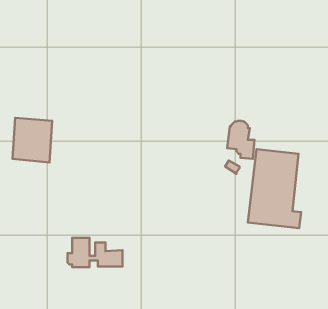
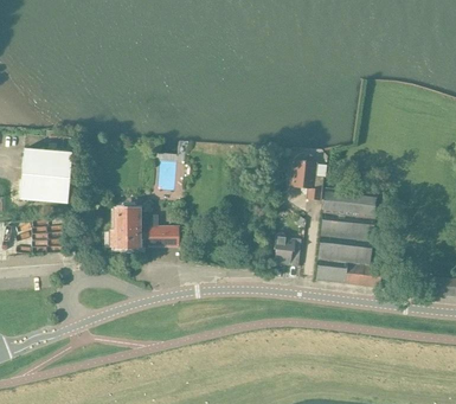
building: none -> [275,231,302,265]
building: [68,238,123,267] -> [110,210,179,246]

